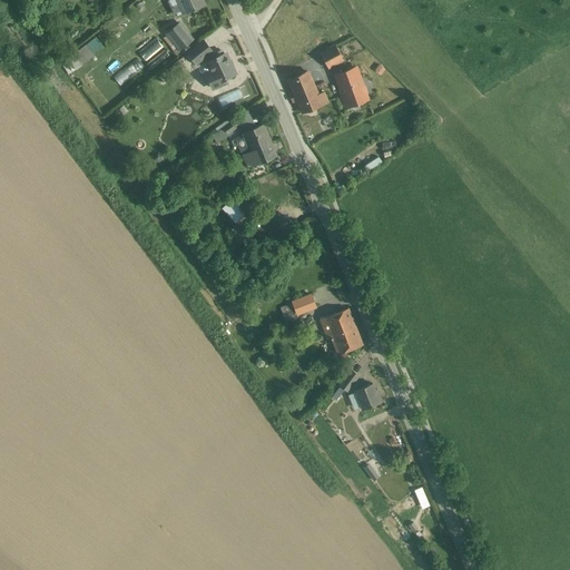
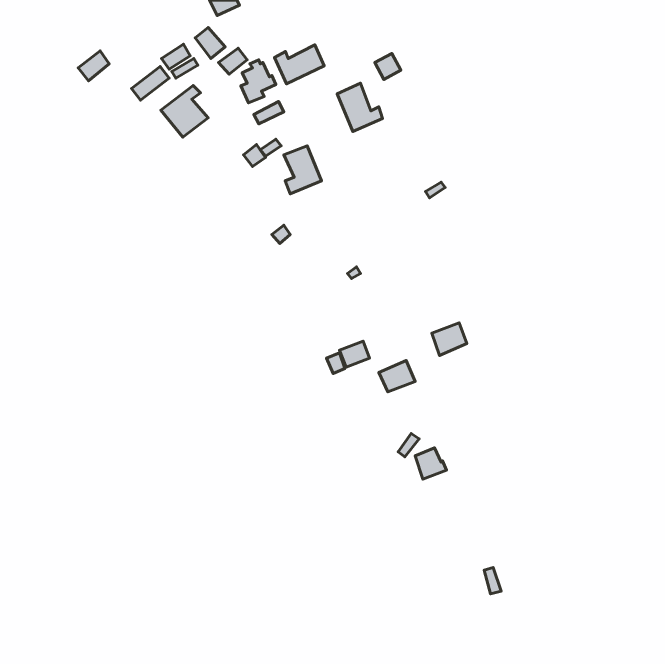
building: none -> [274,45,324,84]
building: [336,69,367,107] -> none
building: none -> [161,85,208,137]
building: [332,327,362,355] -> [432,323,467,355]

